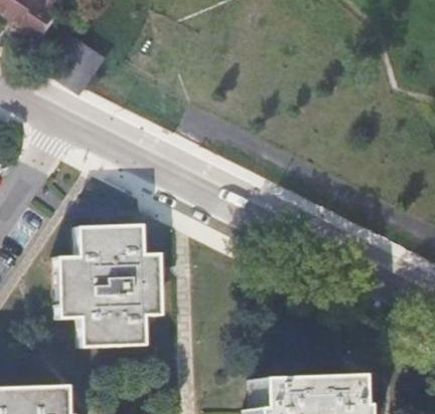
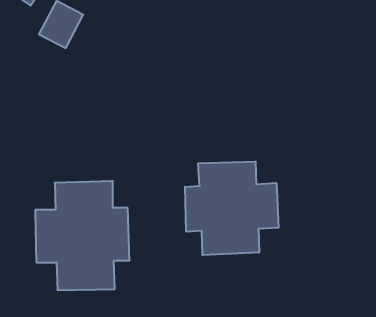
building: none -> [185,161,279,255]

